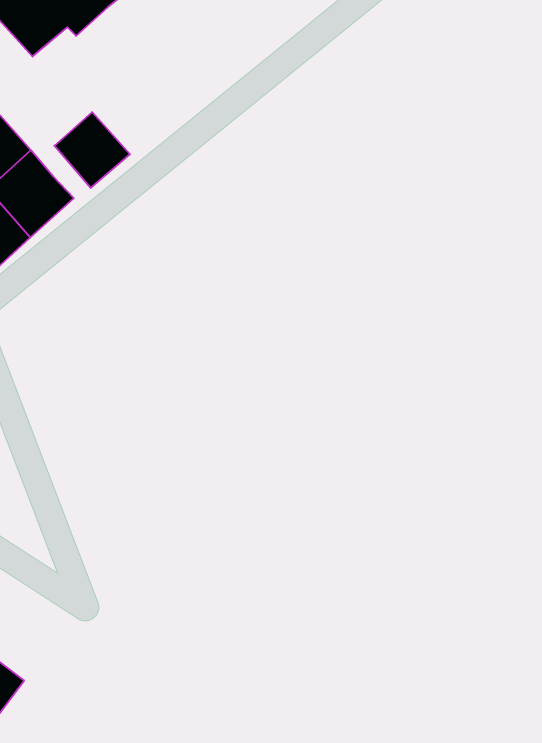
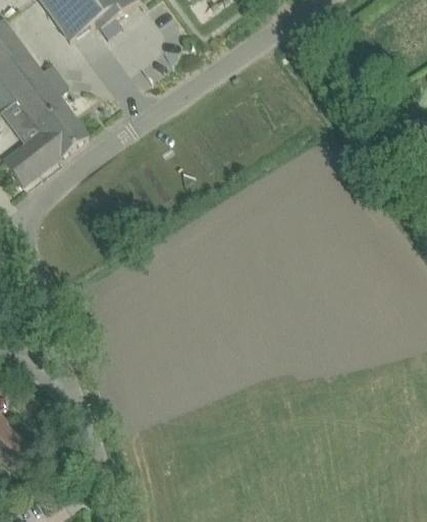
building: [54,112,130,188] -> none

